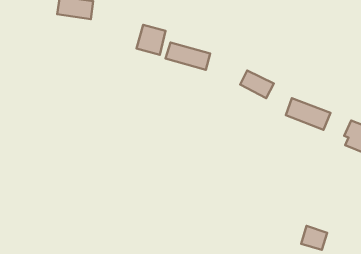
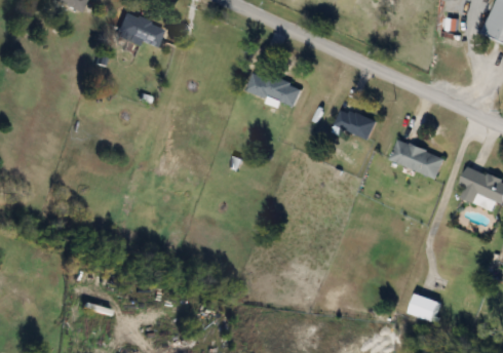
building: [137,25,165,55] -> none

